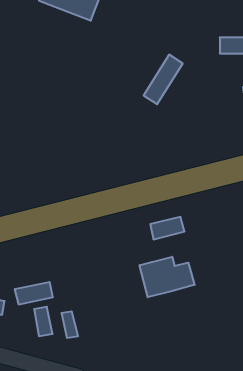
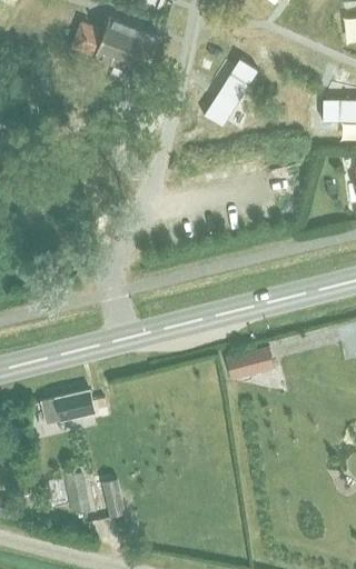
building: [144,55,183,104] -> [202,59,257,128]
building: [140,257,195,297] -> none
building: [15,282,53,304] -> [40,392,93,423]

